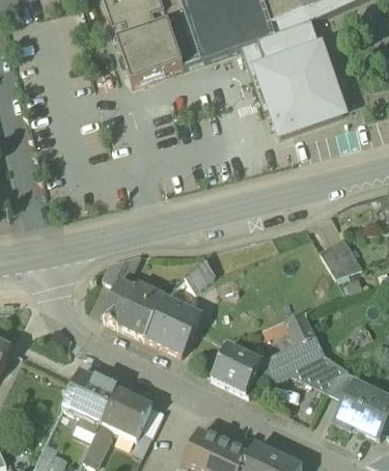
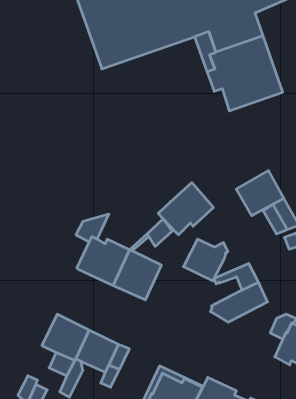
building: none -> [236,171,284,216]
building: none -> [158,183,213,235]
building: [211,342,262,391] -> [183,239,228,281]
building: [295,352,346,390] -> none

